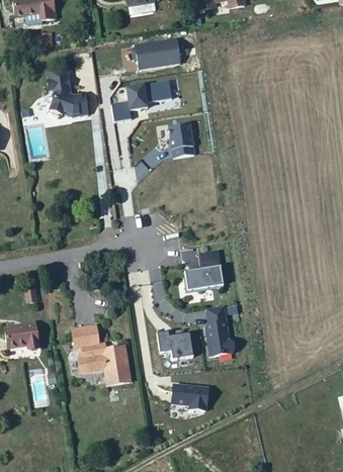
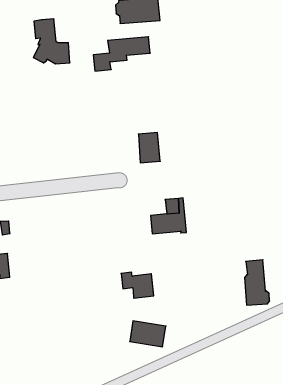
building: [169,123,194,157] -> [138,133,160,163]
building: [206,305,235,355] -> [245,260,270,305]
building: [71,324,130,384] -> none

